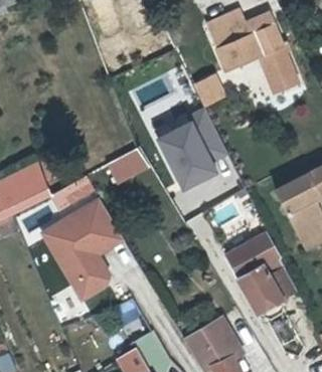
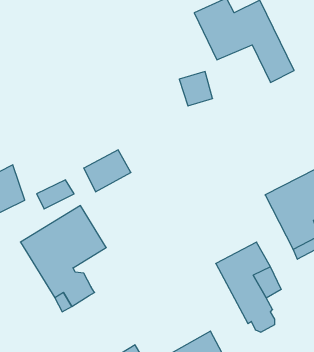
building: [150,110,223,191] -> none

